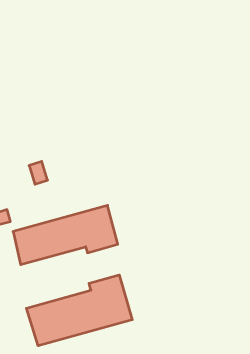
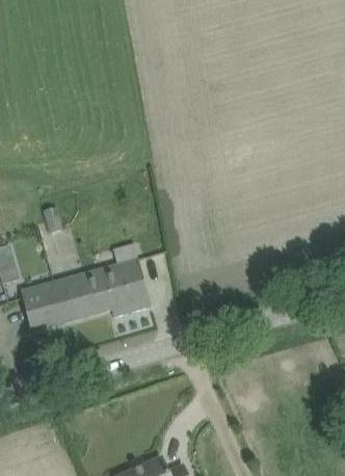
building: [26,275,132,346] -> none

